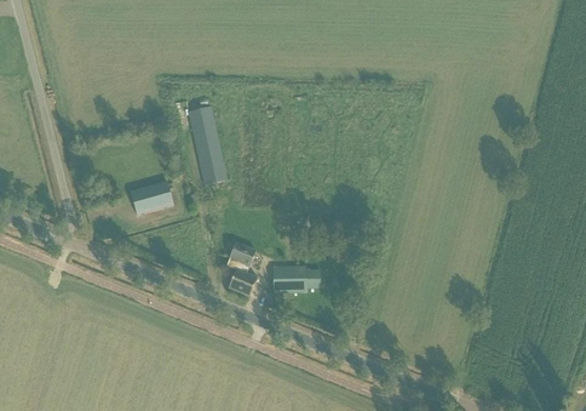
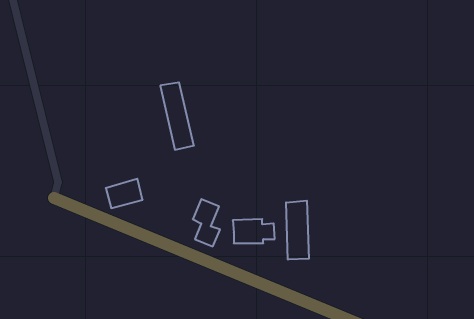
building: [131,181,173,215] -> [106,179,143,208]
building: none -> [286,201,309,260]

